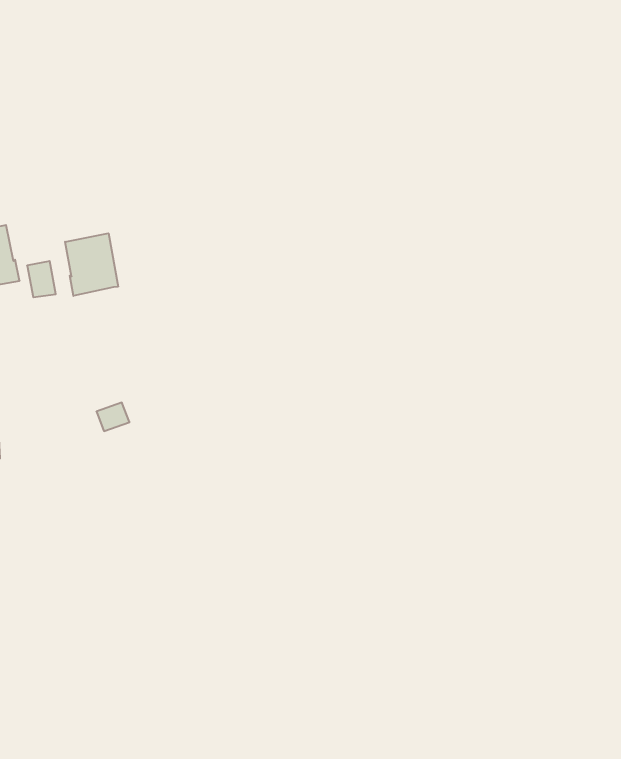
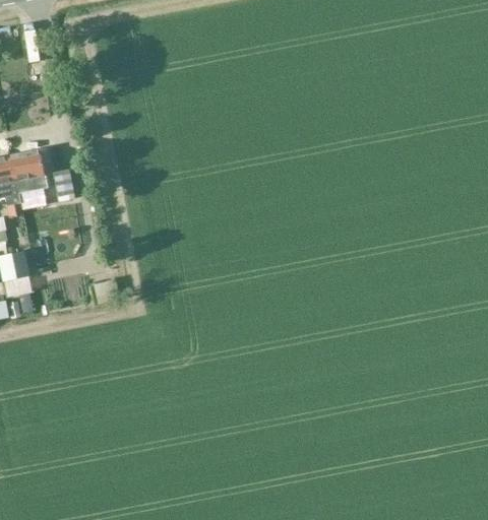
building: [65,233,118,296] -> none

